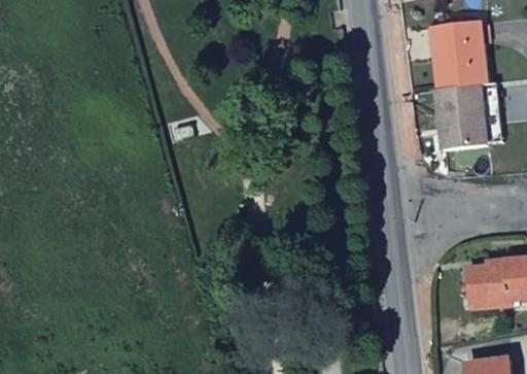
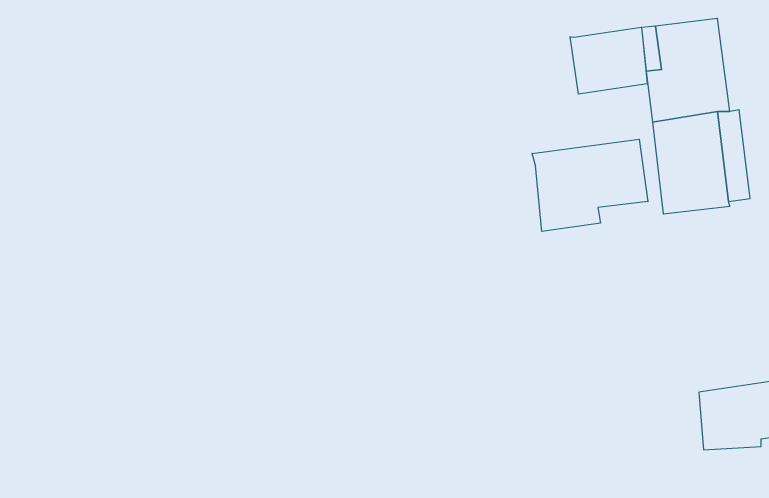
building: none -> [570,27,647,94]
building: none -> [532,139,648,231]

